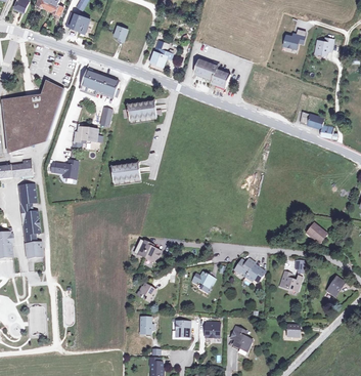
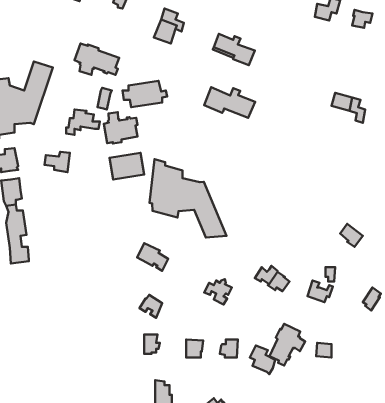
building: none -> [204,87,255,118]
building: none -> [104,112,138,143]
building: none -> [150,159,227,237]
building: none -> [270,324,305,365]

